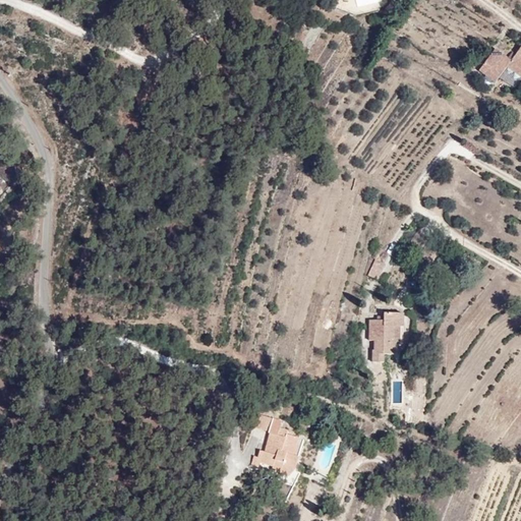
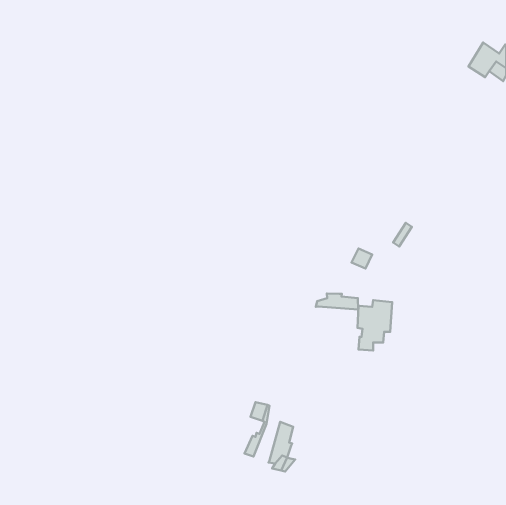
building: none -> [316,294,358,310]
building: [263,418,290,474] -> none

